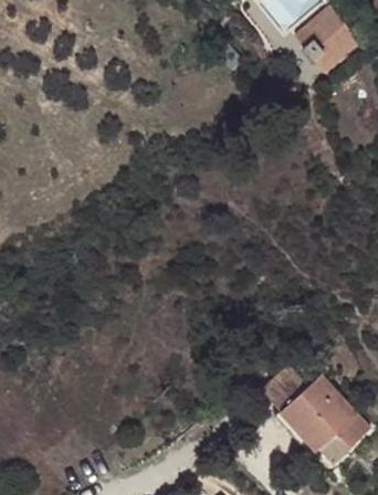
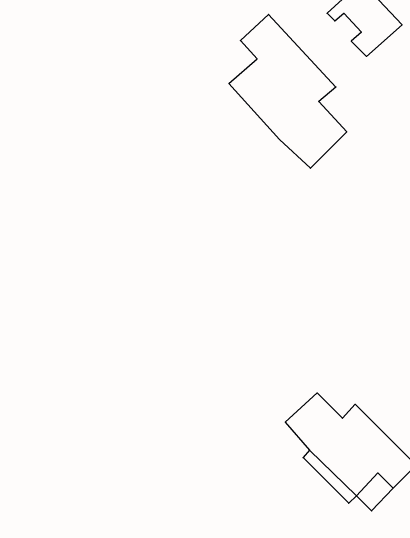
building: none -> [229,14,347,168]

